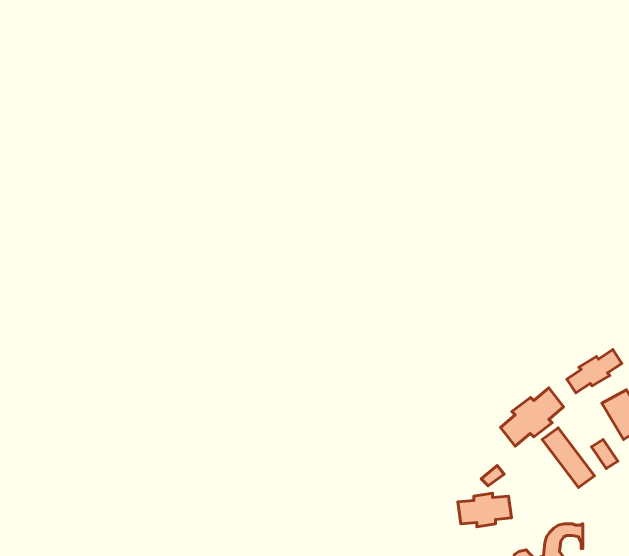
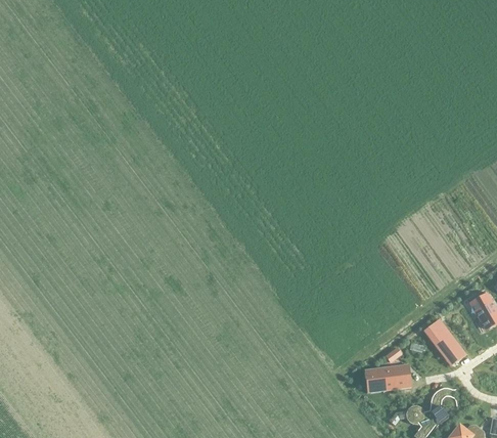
building: [567,350,622,393] -> none
building: [500,388,564,446] -> none

